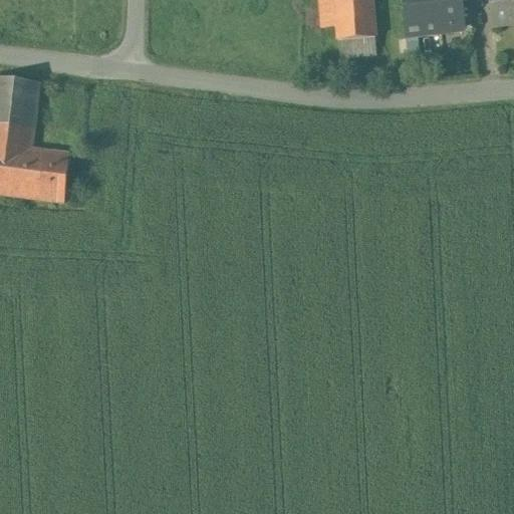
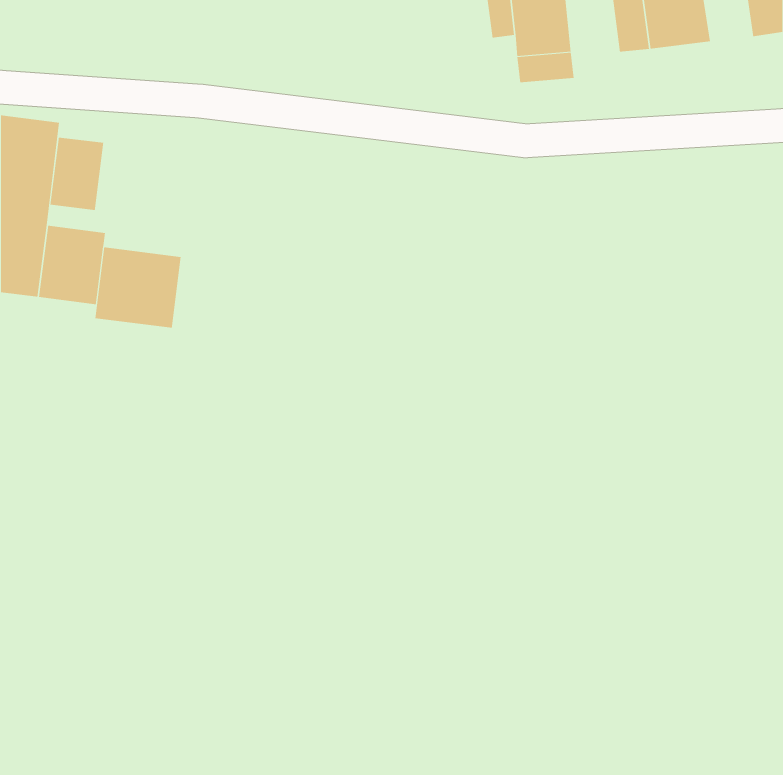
building: none -> [50,137,104,211]
building: none -> [95,247,181,329]

